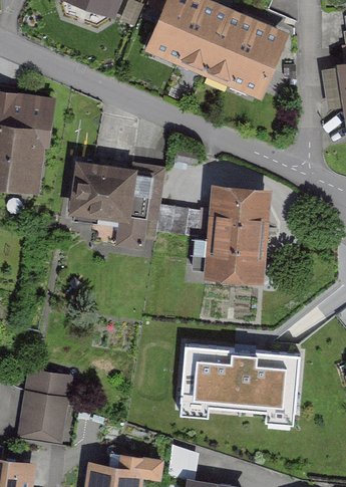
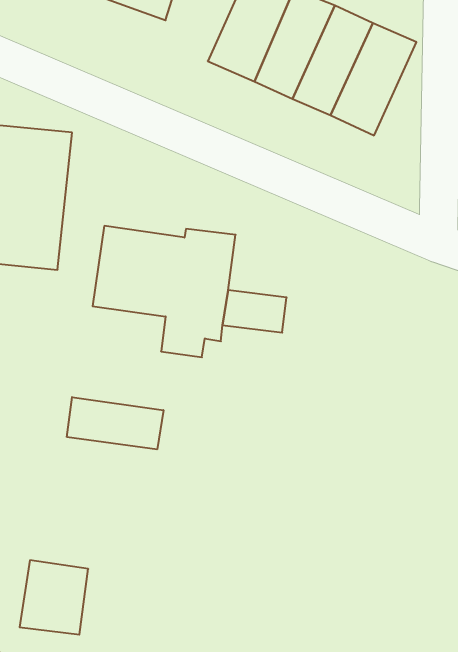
building: [206,182,268,280] -> none
building: none -> [67,397,163,449]
building: [180,347,298,427] -> none
building: [24,371,67,397] -> none

